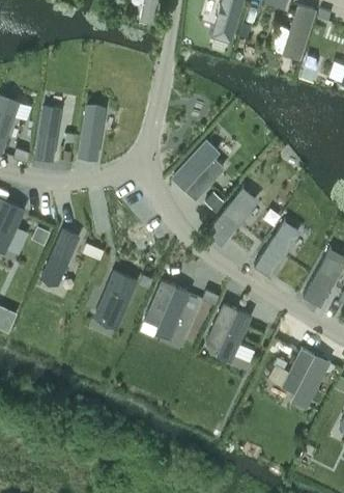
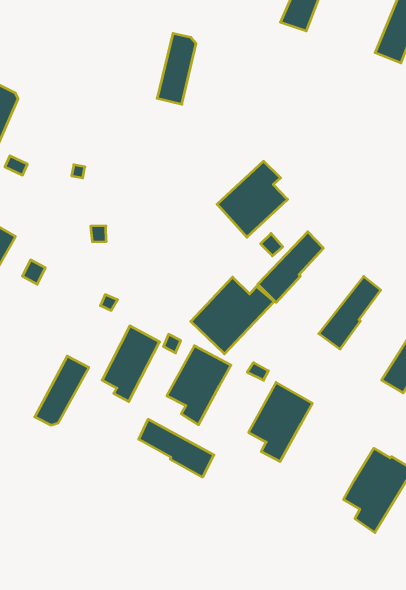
building: [36,108,62,161] -> none
building: [81,108,107,160] -> [157,33,196,104]
building: none -> [191,277,274,354]
building: [41,229,79,281] -> [35,356,89,425]
building: none -> [139,419,214,477]

